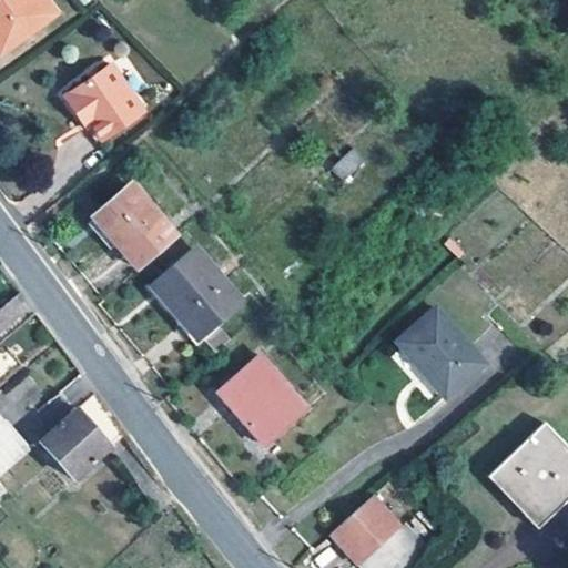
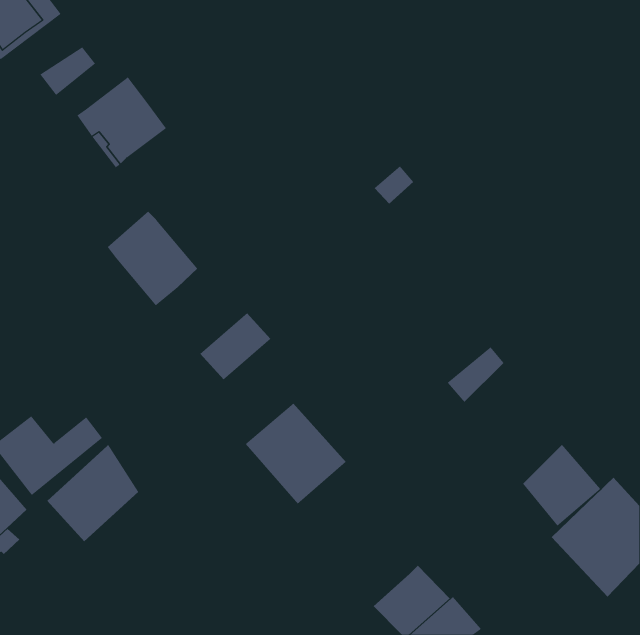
building: none -> [39,47,96,96]
building: [154,251,219,313] -> none
building: [410,321,480,394] -> [522,444,601,527]

